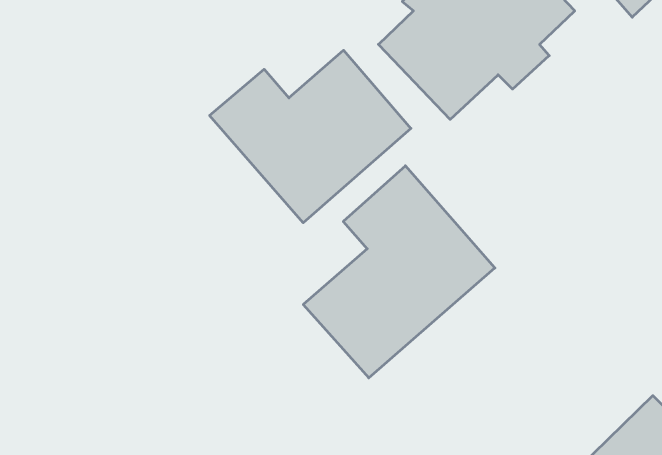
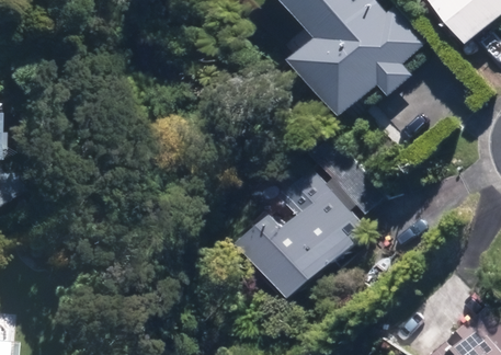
building: [210,50,411,223] -> none

